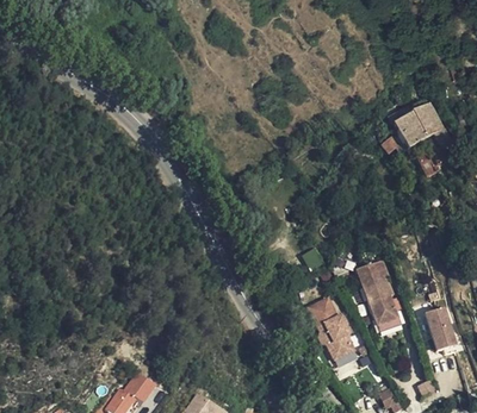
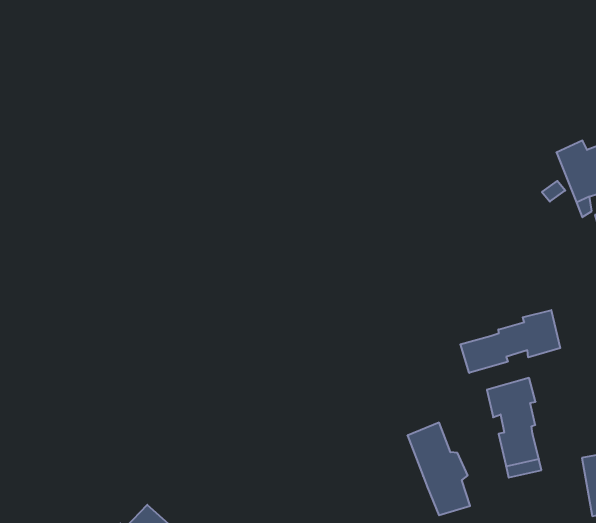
building: none -> [460,310,560,373]

